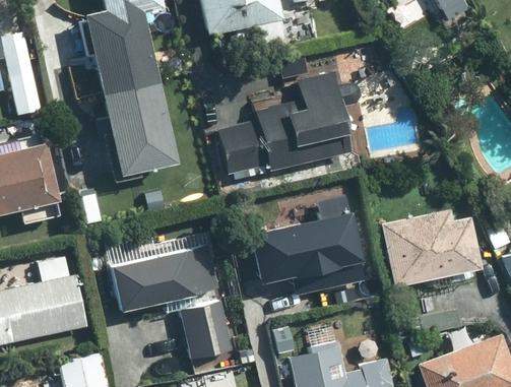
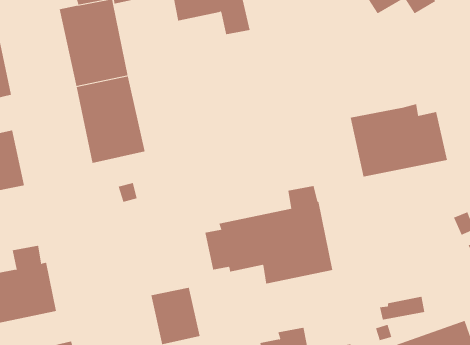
building: [219,72,349,173] -> none
building: [383,210,483,285] -> [350,103,448,177]
building: [108,244,217,308] -> none

